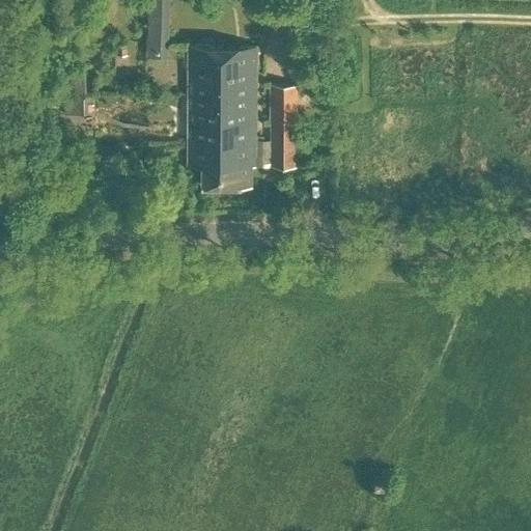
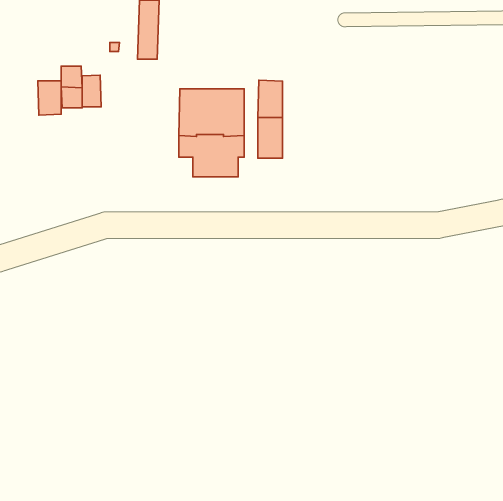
building: [189,50,257,97] -> none
building: none -> [82,75,101,107]
building: none -> [38,81,61,115]

